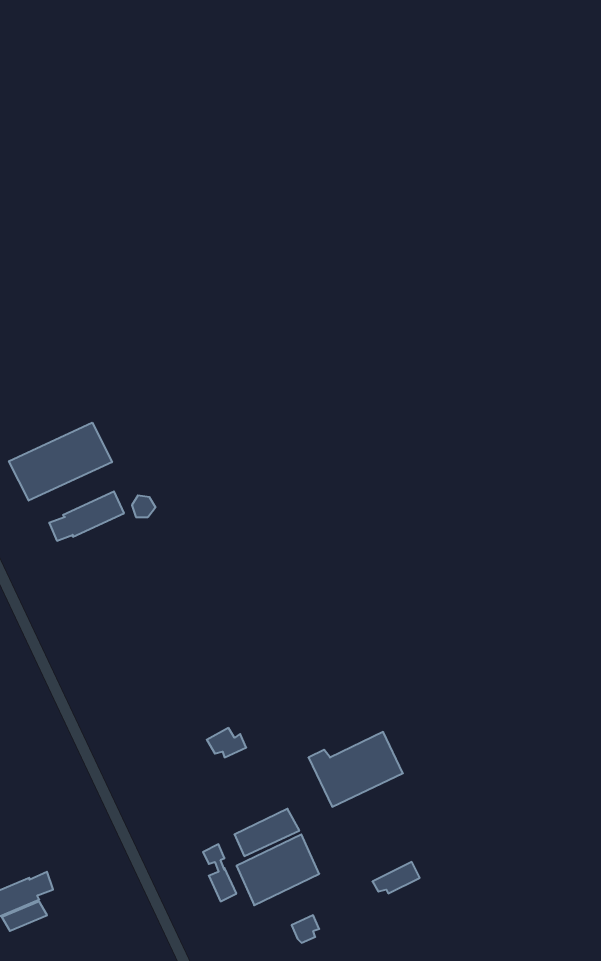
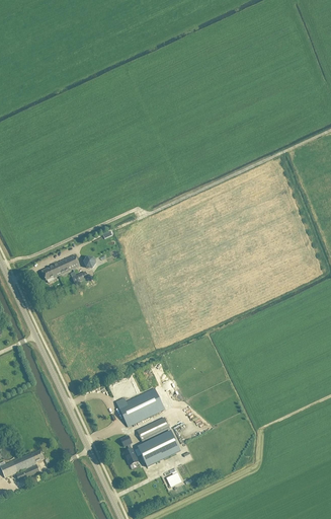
building: [9,423,112,501] -> none
building: [308,732,403,807] -> [115,388,164,427]

